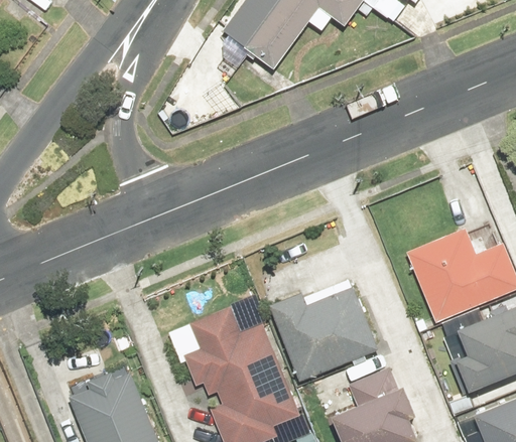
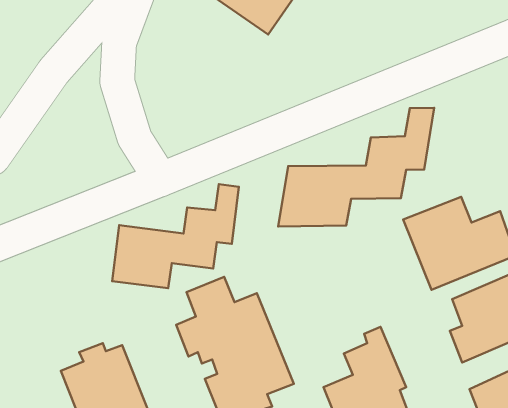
building: none -> [278,108,434,227]
building: none -> [112,184,239,288]
building: [270,281,376,379] -> none

